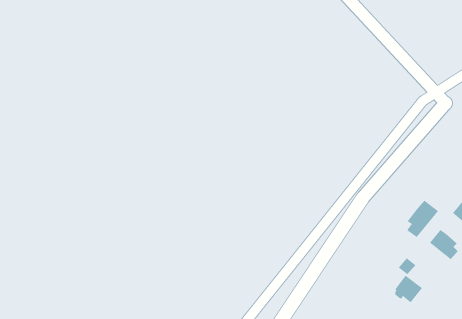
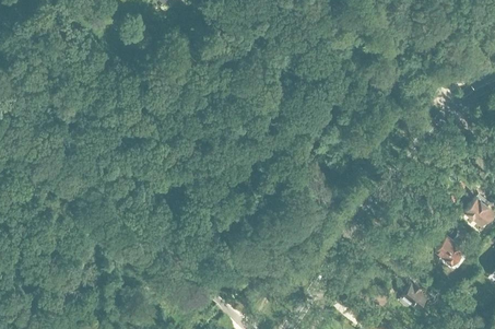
building: [407,200,439,238] -> none

